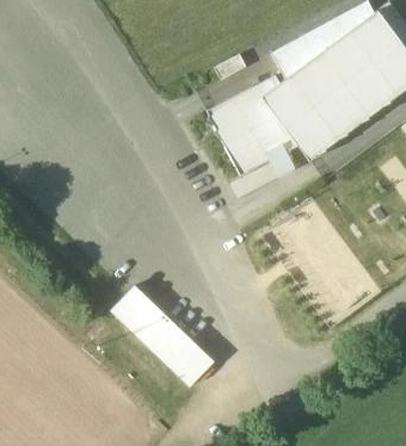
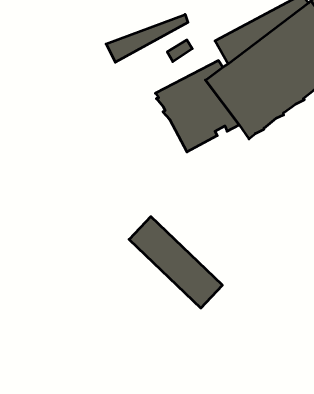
building: none -> [106,14,188,62]
building: [110,285,213,385] -> [129,217,222,308]

